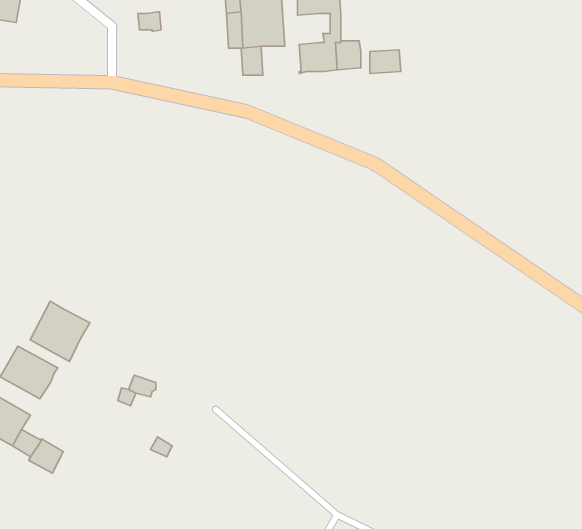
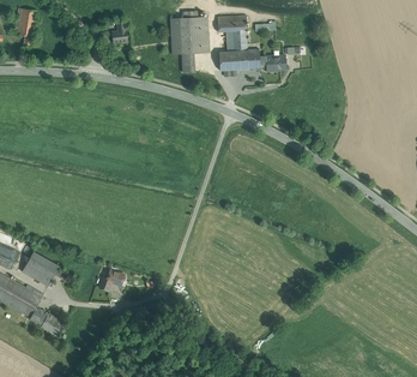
building: [30,301,90,361] -> none

